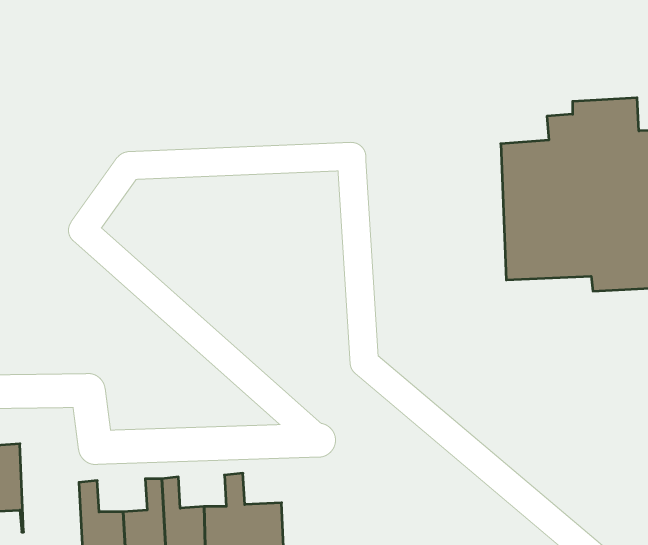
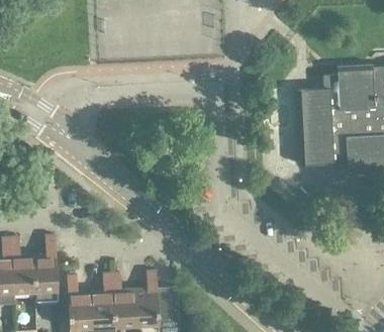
building: none -> [34,234,59,302]

